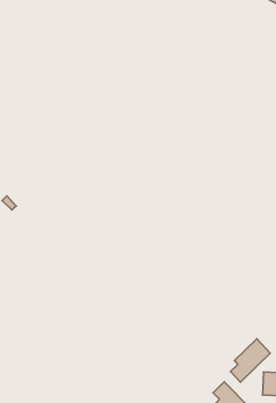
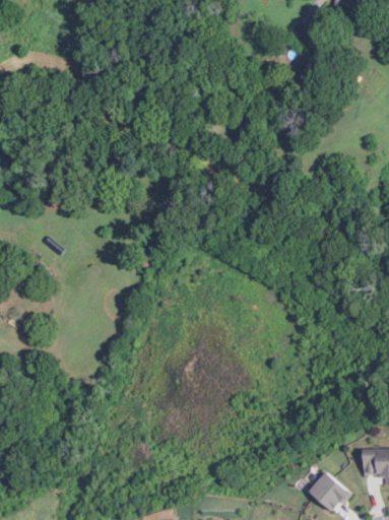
building: [230,339,270,382] -> none

